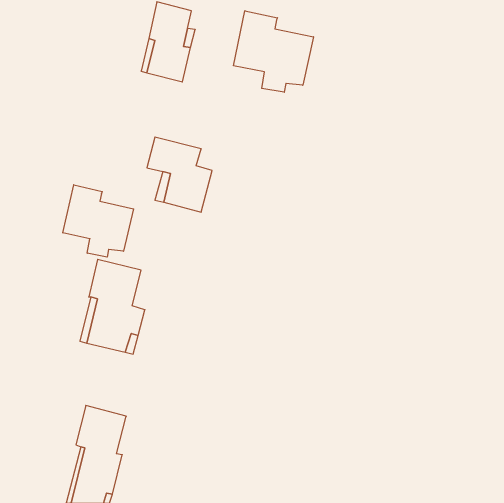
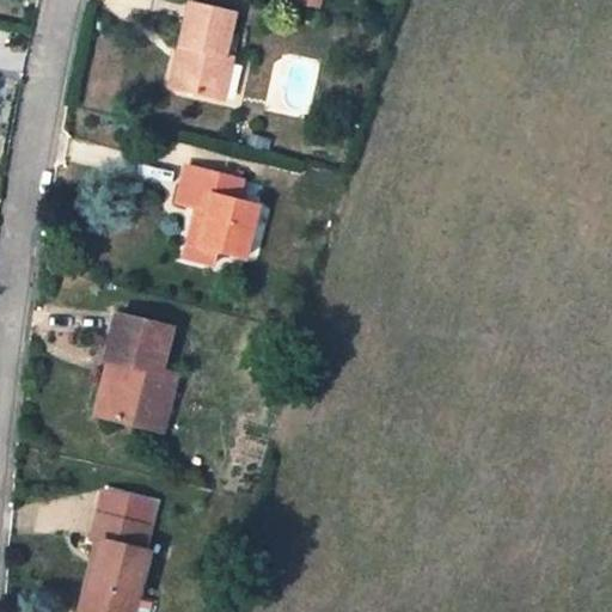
building: [234,11,313,92] -> none
building: [63,185,134,257] -> none

